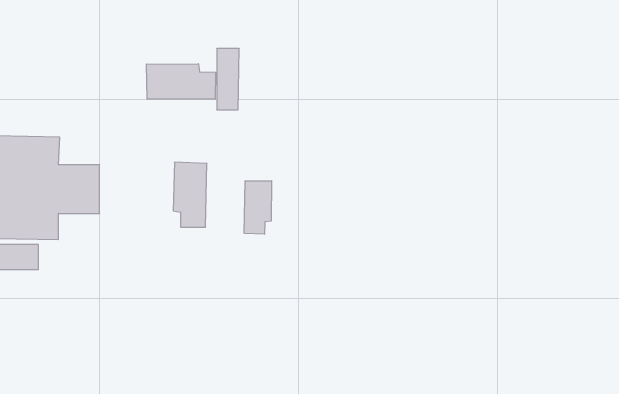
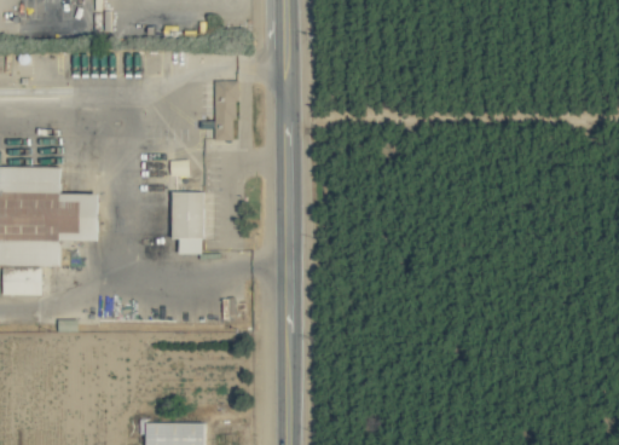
building: [146,64,216,99] -> none
building: [244,181,272,234] -> none

